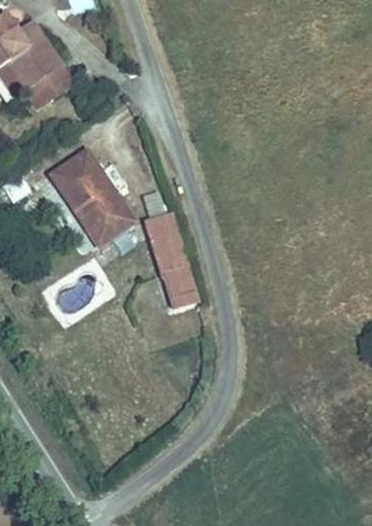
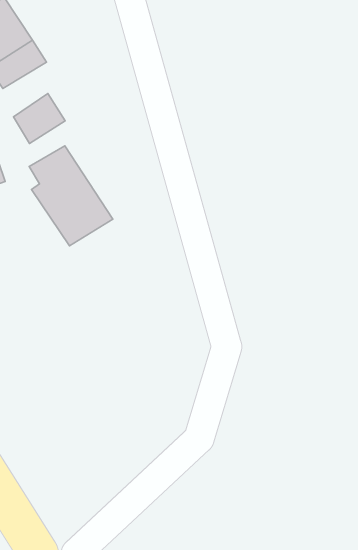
building: none -> [13,94,65,143]
building: [144,221,196,312] -> none

